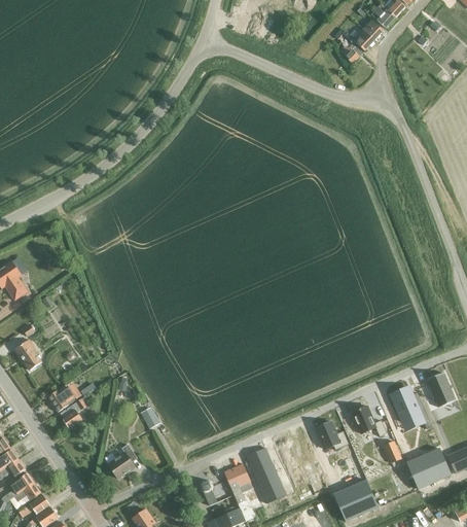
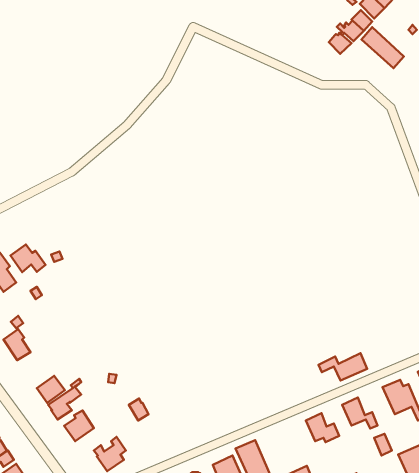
building: none -> [361,27,404,68]
building: none -> [10,245,46,272]
building: none -> [319,353,367,381]
building: none -> [64,410,94,441]

